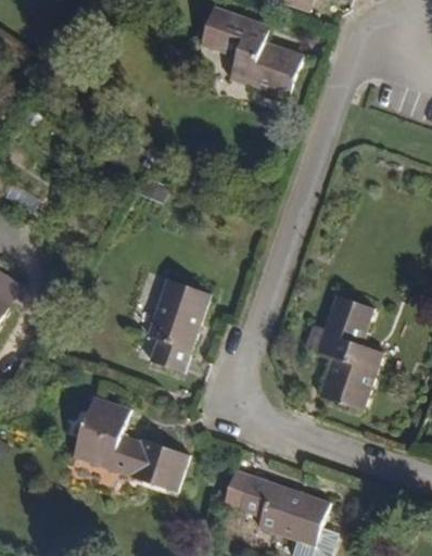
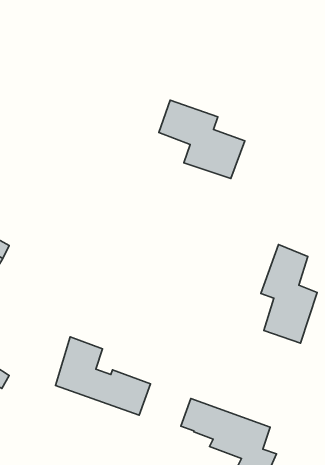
building: [203,8,304,100] -> [159,100,245,178]
building: [147,277,207,369] -> none

